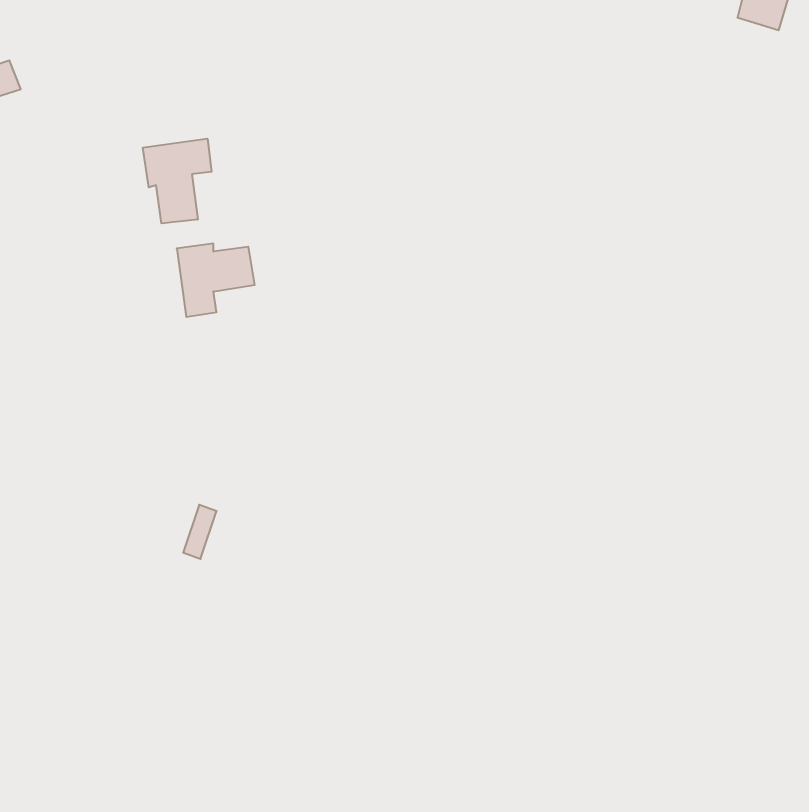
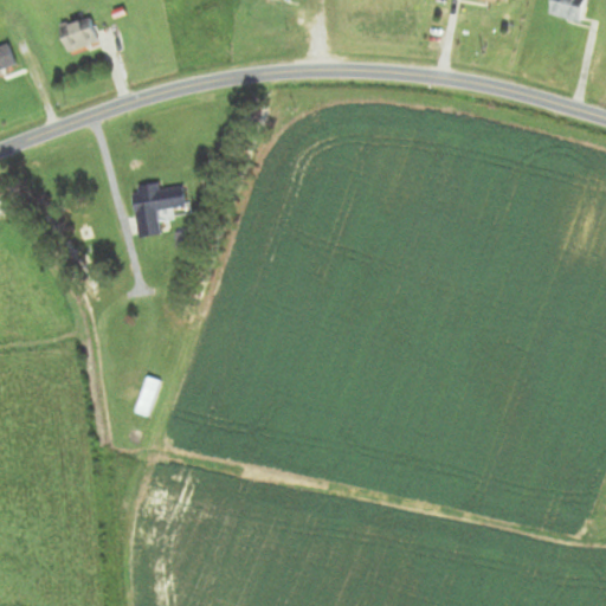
building: none -> [59,17,98,53]
building: [143,139,212,223] -> none

